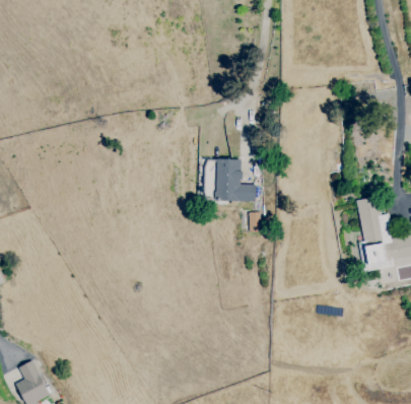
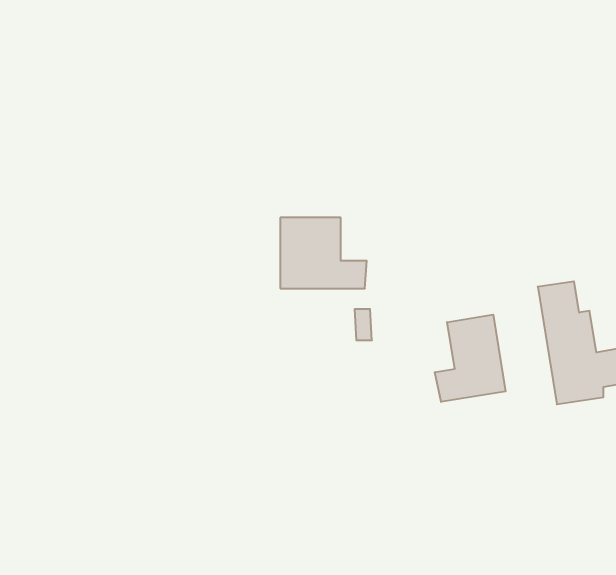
building: none -> [435,315,506,402]

